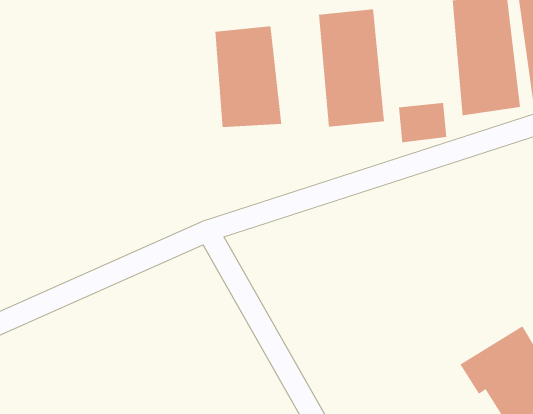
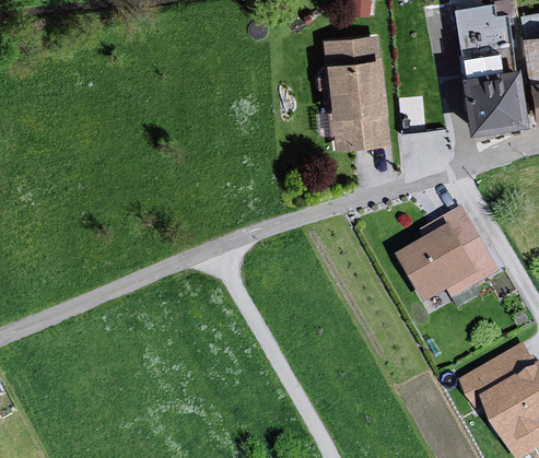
building: [215,26,282,128] -> none
building: none -> [399,207,502,304]

